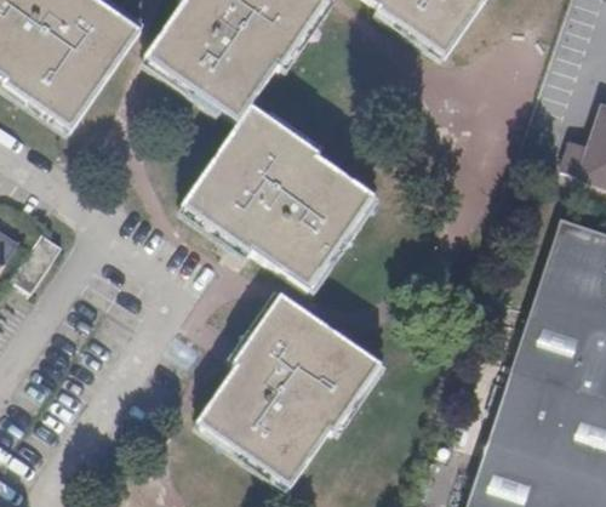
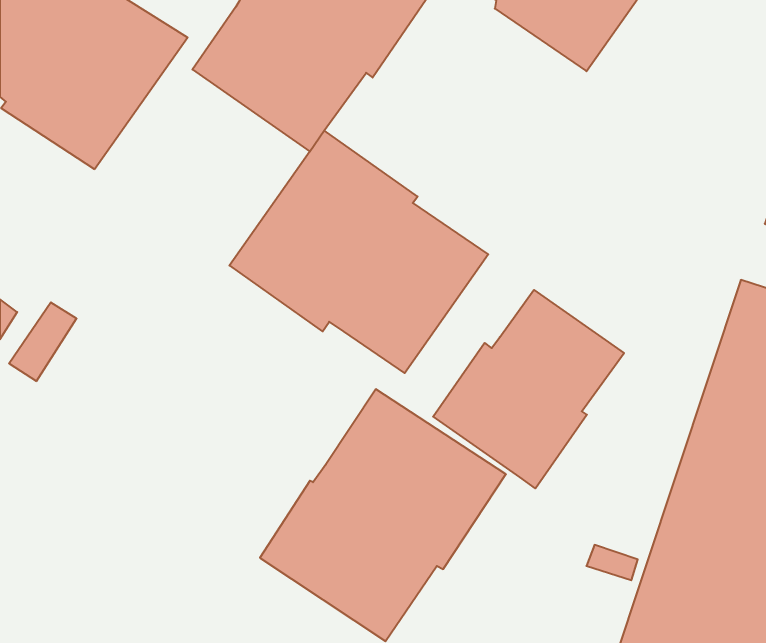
building: none -> [433,290,624,488]

